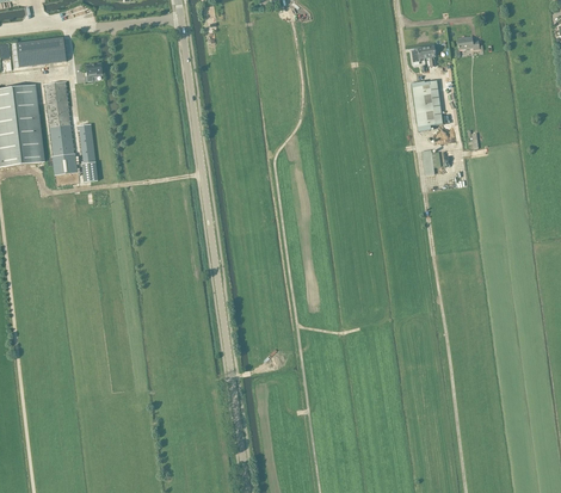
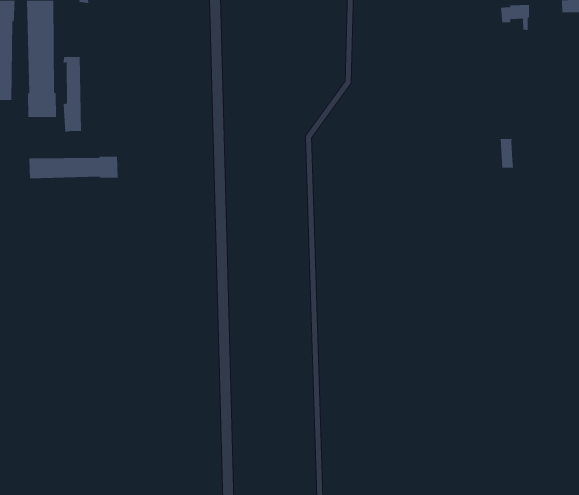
building: [412,79,443,130] -> none
building: none -> [29,156,118,179]

